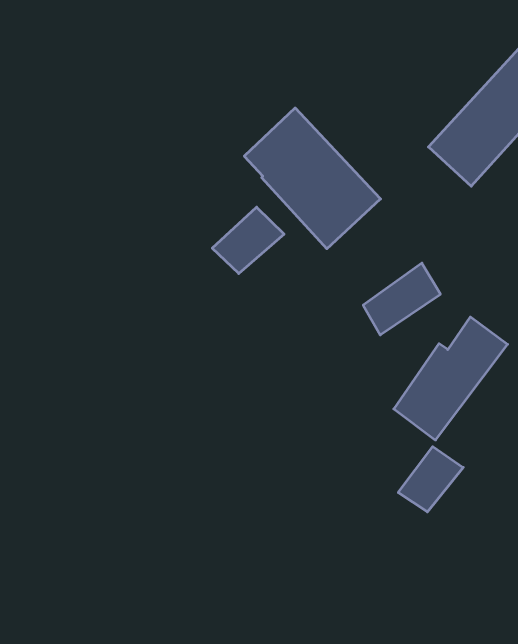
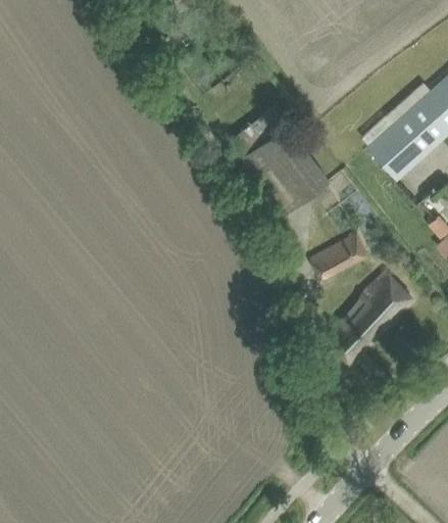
building: [212,207,284,274] -> none
building: [398,447,463,512] -> none

